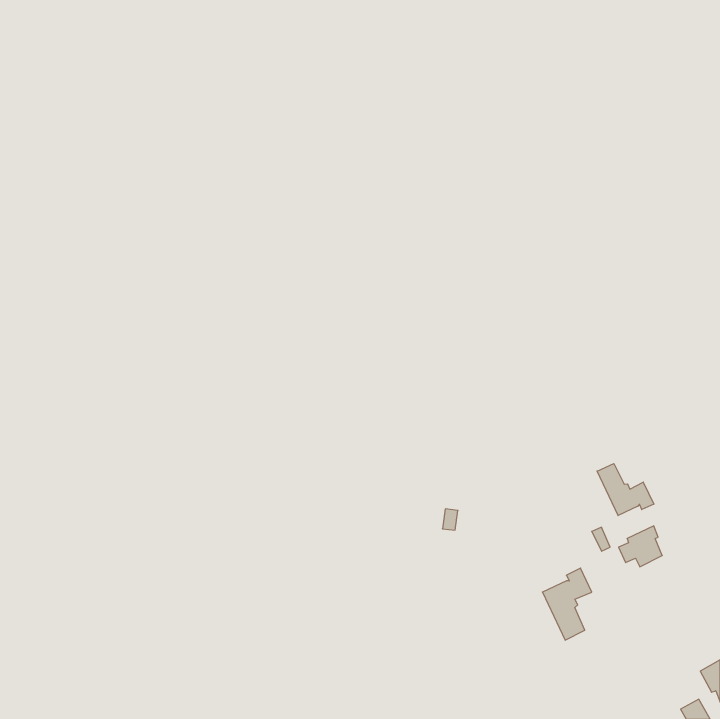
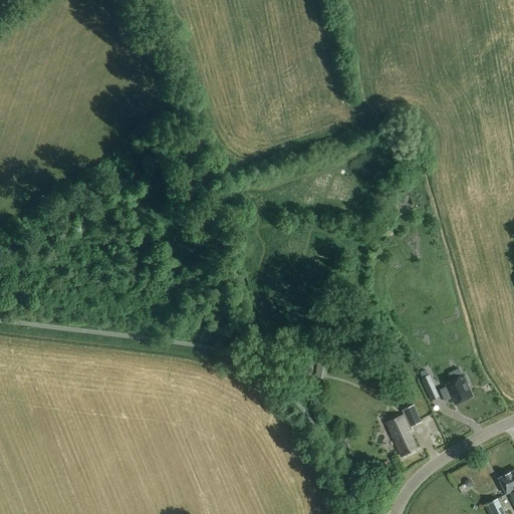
building: [597,464,654,516] -> none

